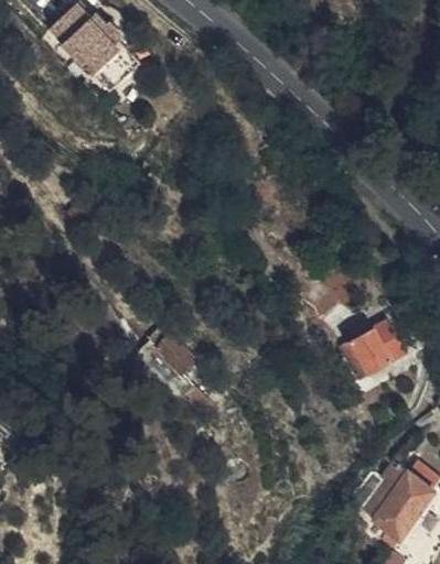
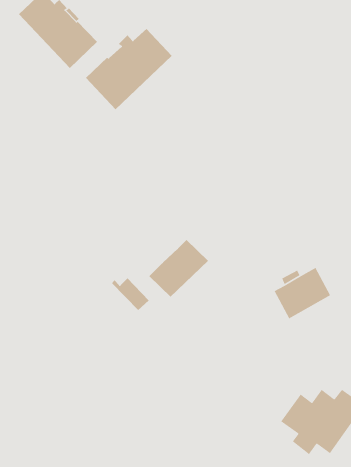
building: none -> [85,28,173,110]
building: none -> [148,239,209,298]

